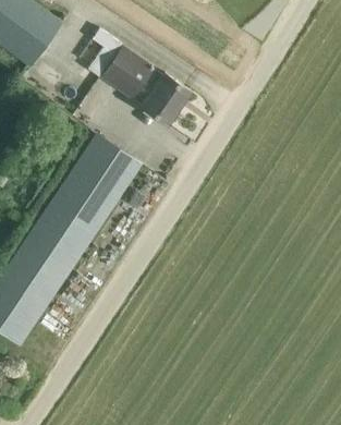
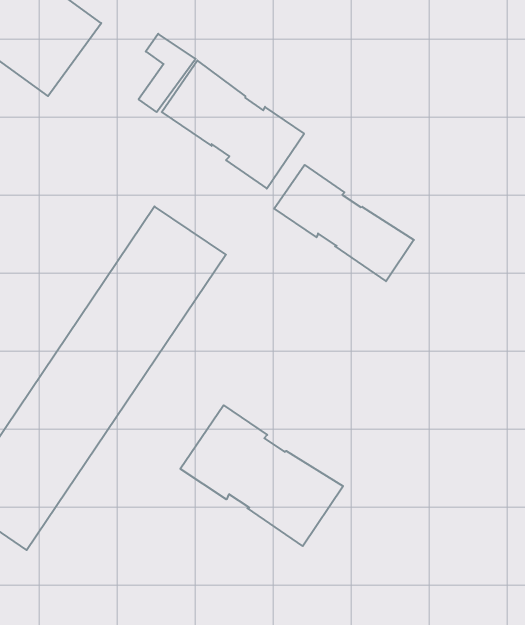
building: none -> [274,165,414,281]
building: none -> [180,405,343,546]

